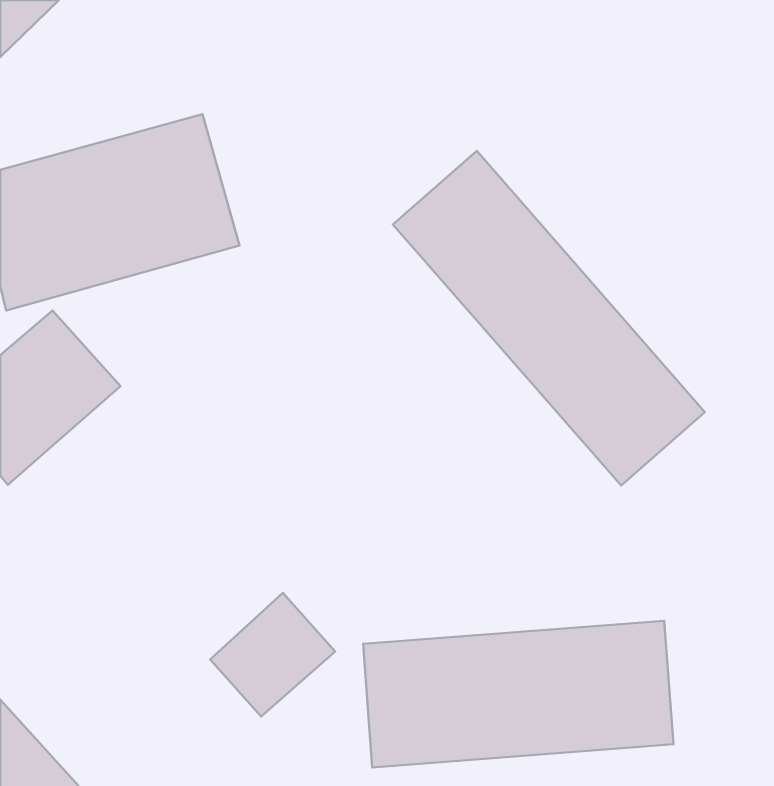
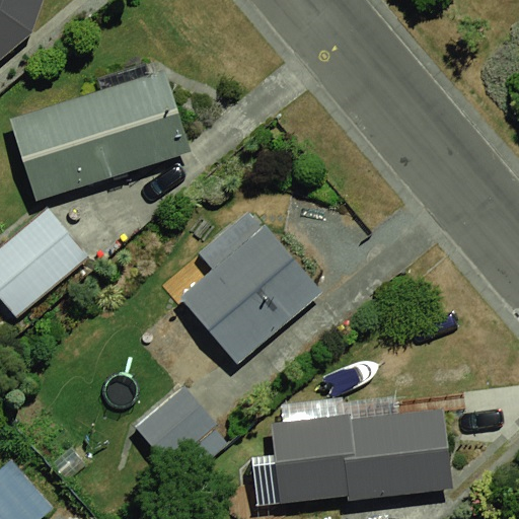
building: [393,151,705,486] -> none
building: none -> [174,219,318,360]

